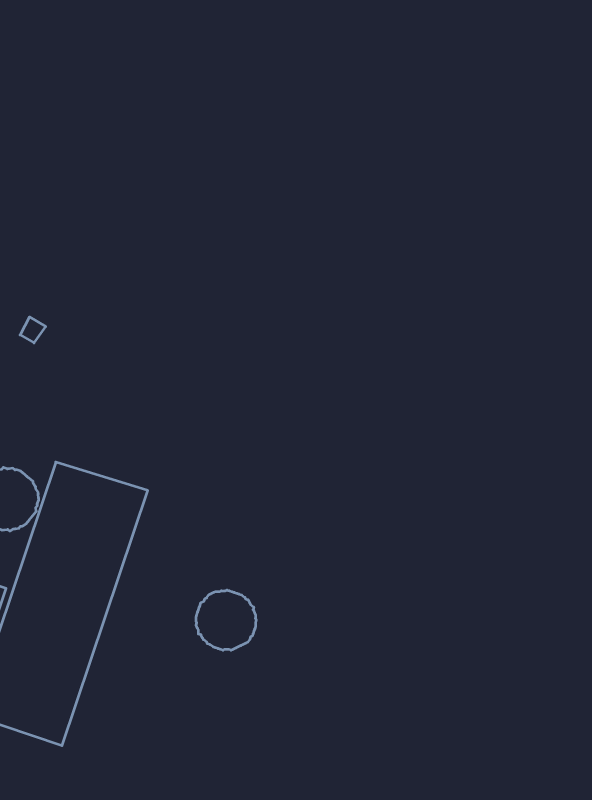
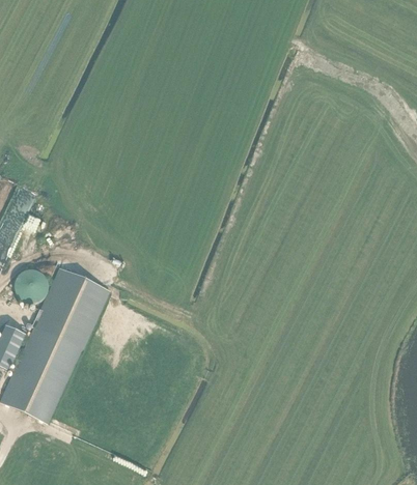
building: [196,590,256,650] -> none

